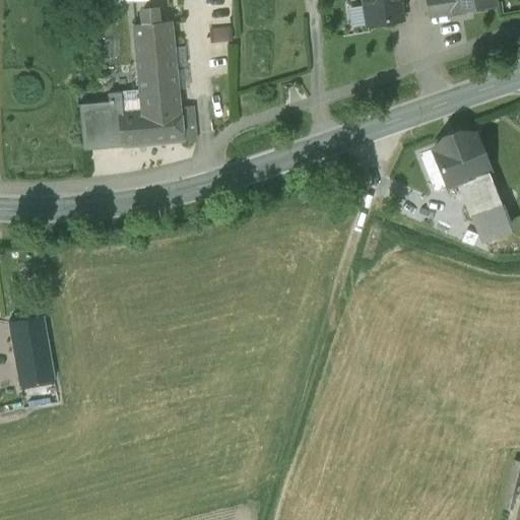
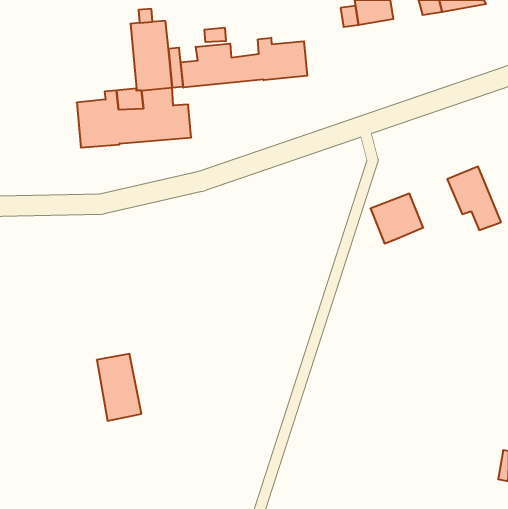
building: none -> [181,38,307,88]
building: [435,135,489,186] -> [370,194,423,243]
building: [8,318,54,386] -> [97,354,141,421]

